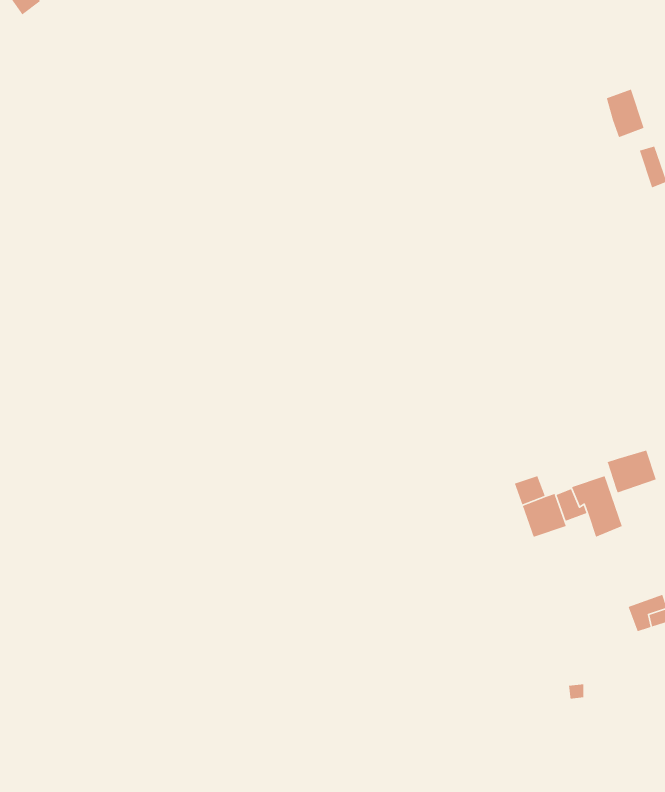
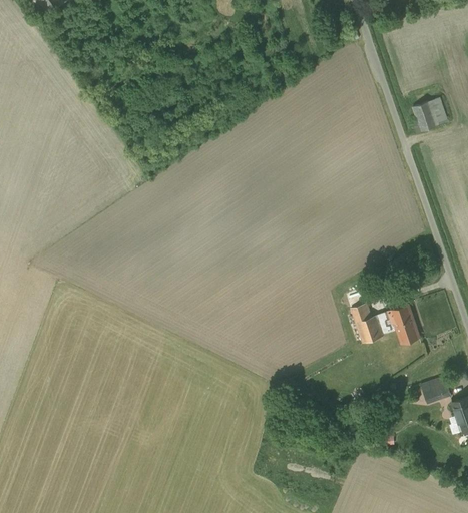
building: [606,88,644,138] -> [413,100,437,131]
building: [606,449,657,494] -> none

